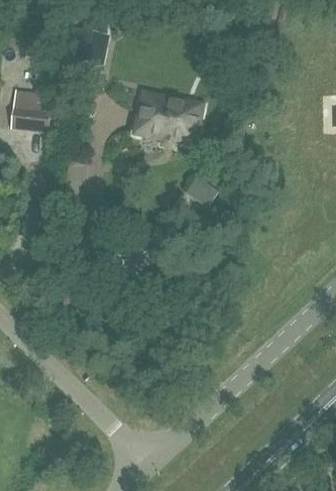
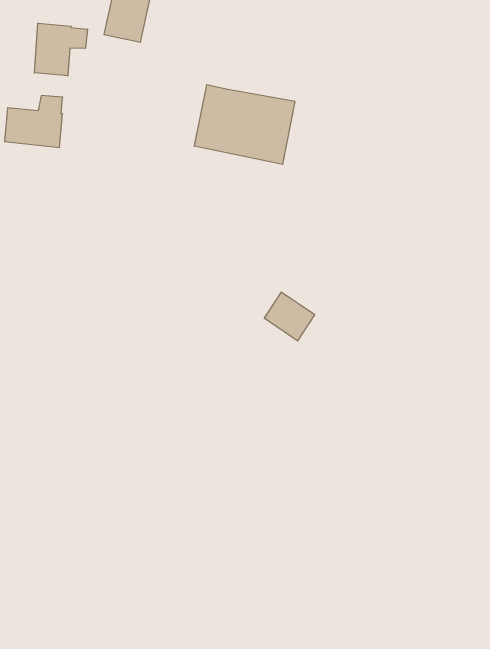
building: none -> [34,23,88,76]
building: [185,172,218,205] -> [264,292,315,341]

